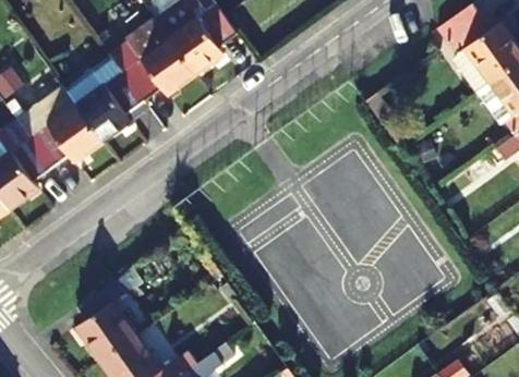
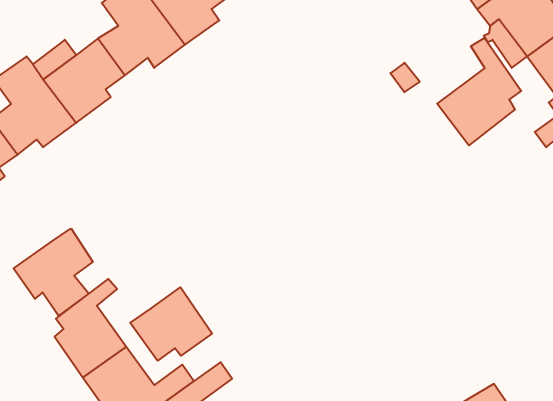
building: none -> [437,38,521,145]
building: none -> [14,229,93,316]
building: none -> [130,287,212,361]

